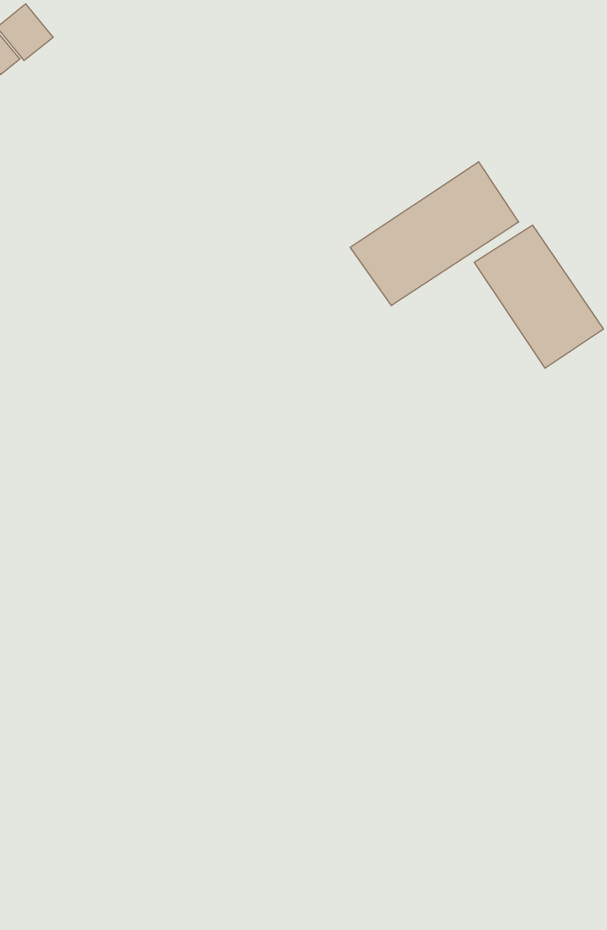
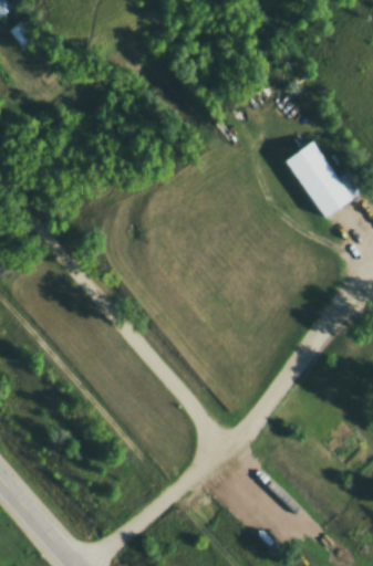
building: [350,162,519,306] -> none

